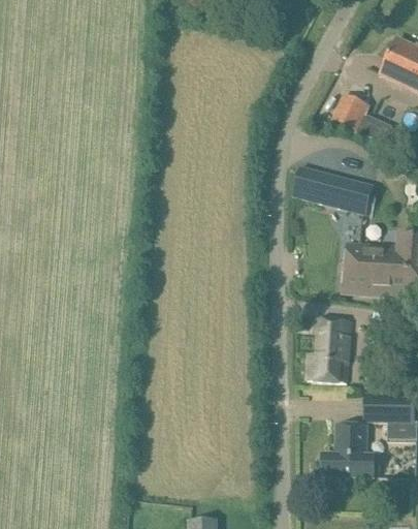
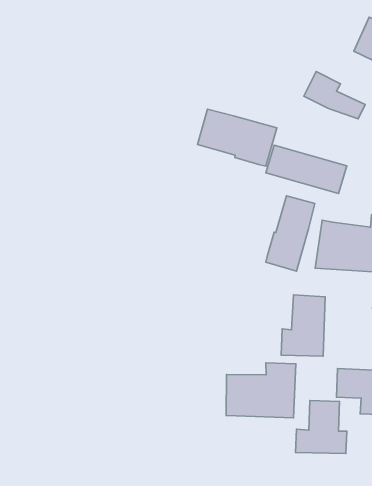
building: none -> [198,109,277,166]
building: none -> [266,196,315,271]
building: none -> [226,363,296,418]

